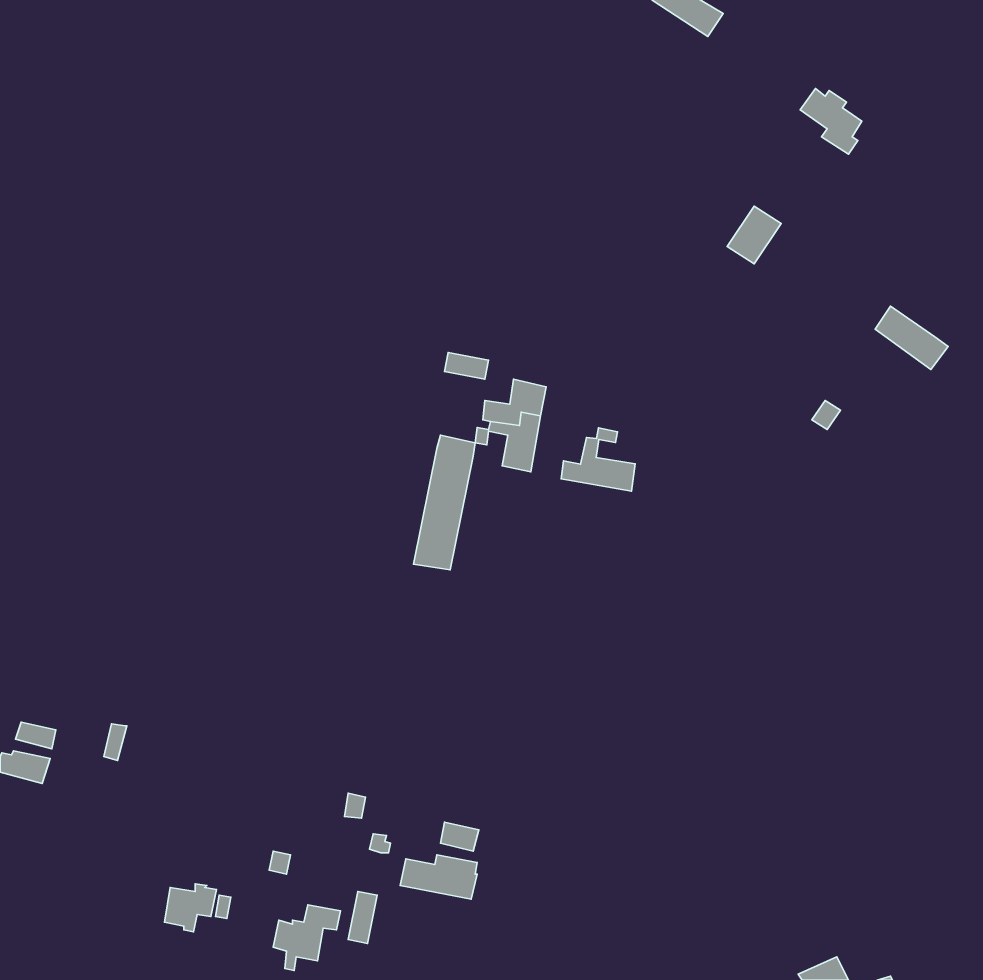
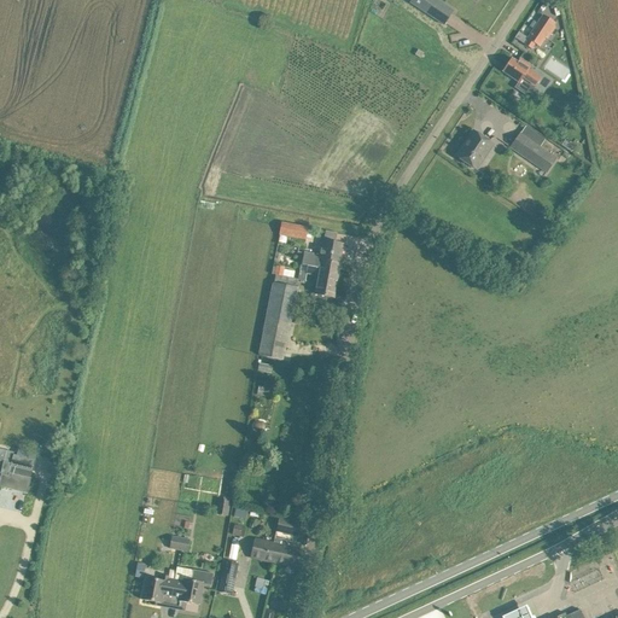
building: none -> [525,12,555,47]
building: [875,306,948,370] -> [511,130,556,170]
building: [561,428,635,491] -> none
building: [165,884,216,932] -> [142,573,175,604]

